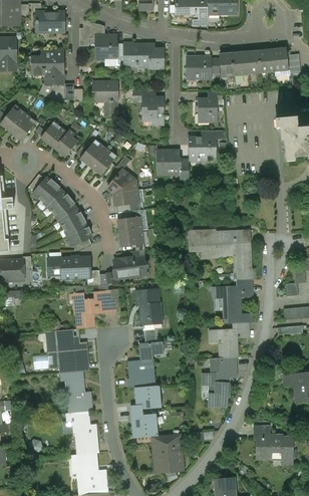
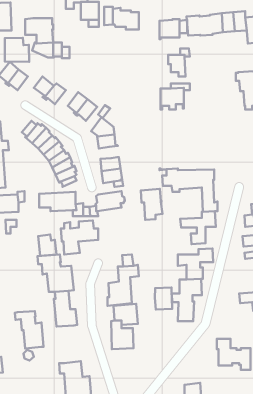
building: none -> [5,38,29,62]
building: [91,81,117,115] -> none
building: [131,89,164,125] -> none
building: [157,151,188,182] -> none
building: [135,288,161,324] -> [141,189,162,220]
building: none -> [38,235,57,256]
building: none -> [155,288,172,310]
building: [64,411,97,454] -> [15,311,43,349]
building: [154,434,180,471] -> none

